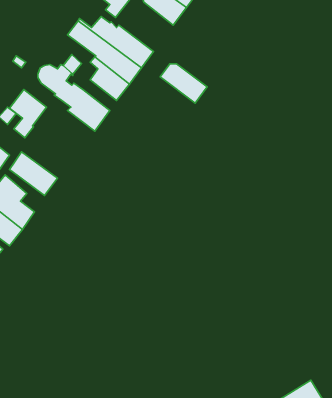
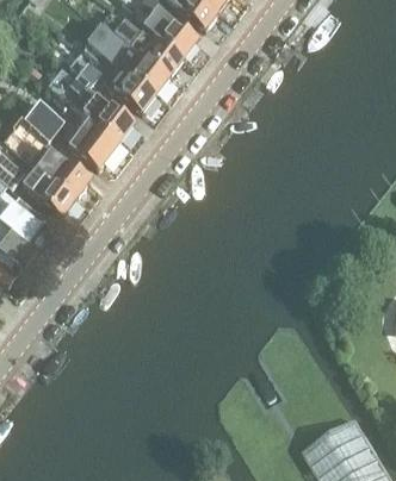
building: [160,64,207,103] -> [142,17,193,60]
building: none -> [64,124,116,169]
building: none -> [36,158,88,198]

